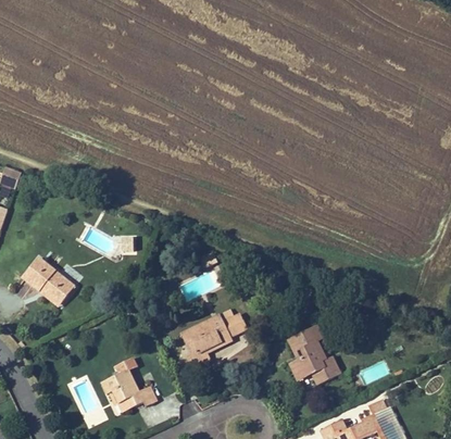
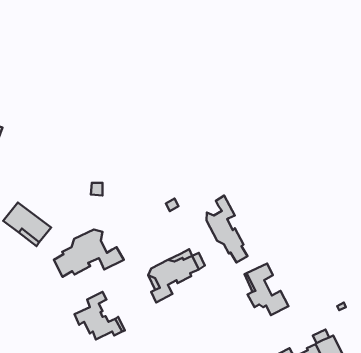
building: none -> [207,195,248,263]
building: none -> [54,229,124,277]

